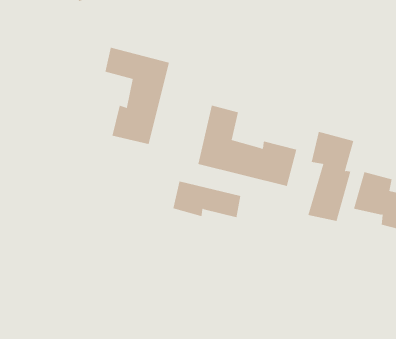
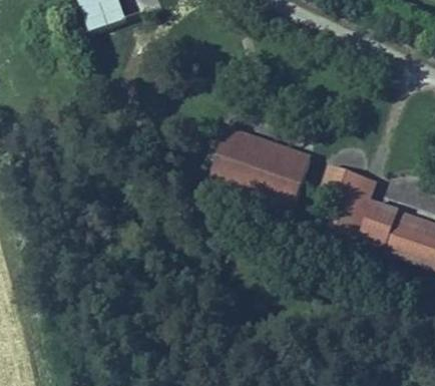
building: [105,47,169,145] -> none
building: [172,181,241,218] -> [240,140,305,175]

